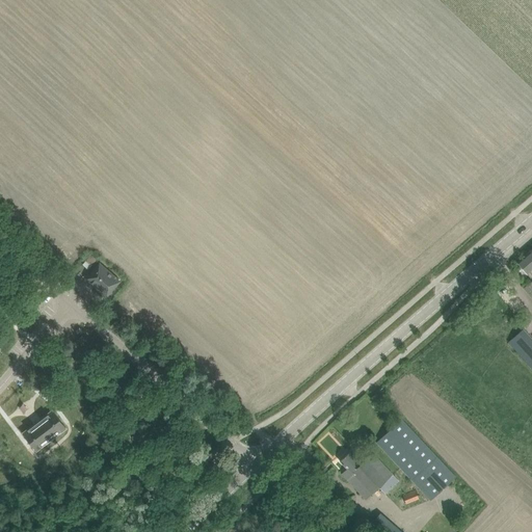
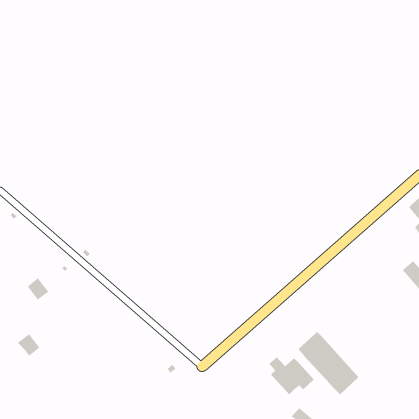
building: [87,263,123,297] -> none
building: [38,411,66,441] -> [27,277,49,300]

